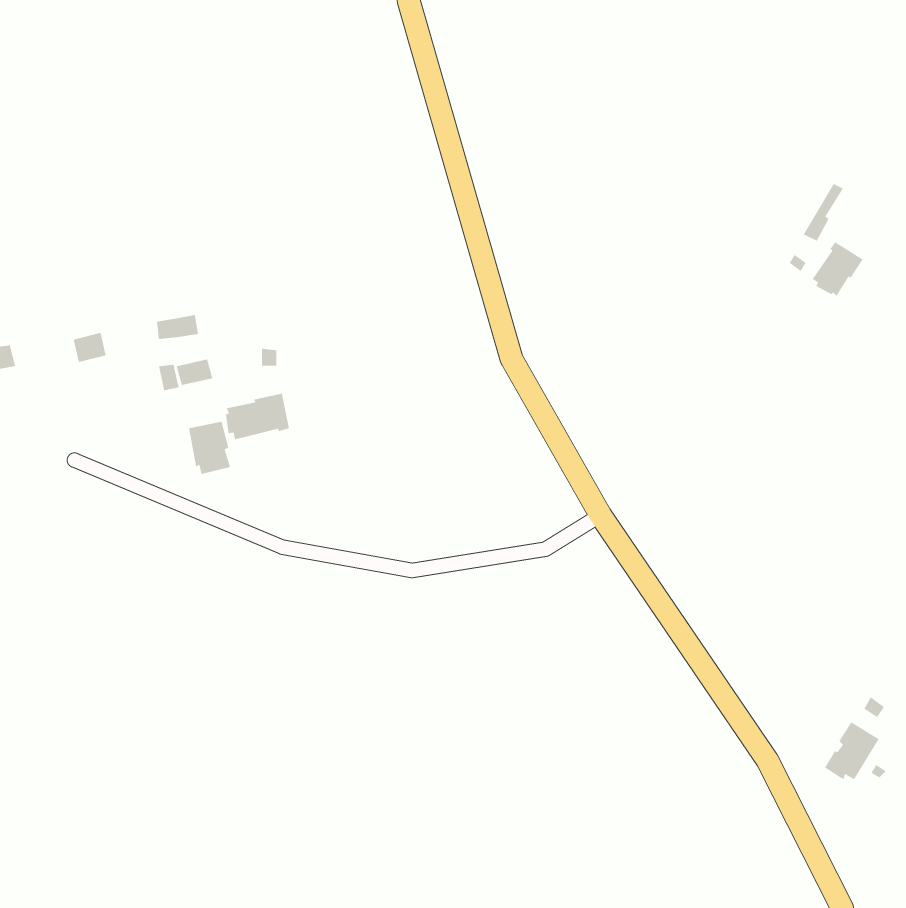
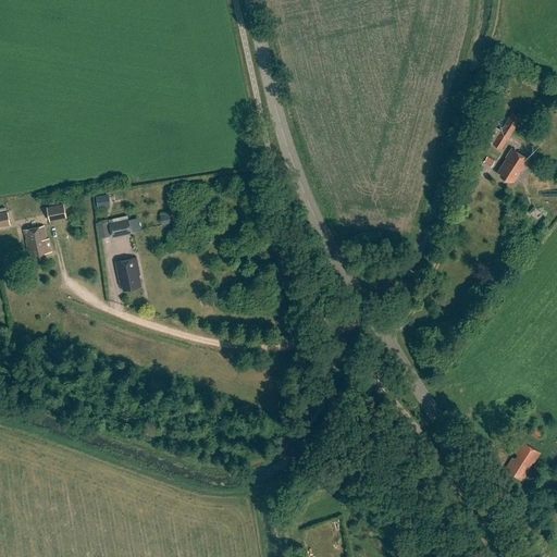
building: none -> [23,226,51,261]
building: [225,393,290,440] -> none

